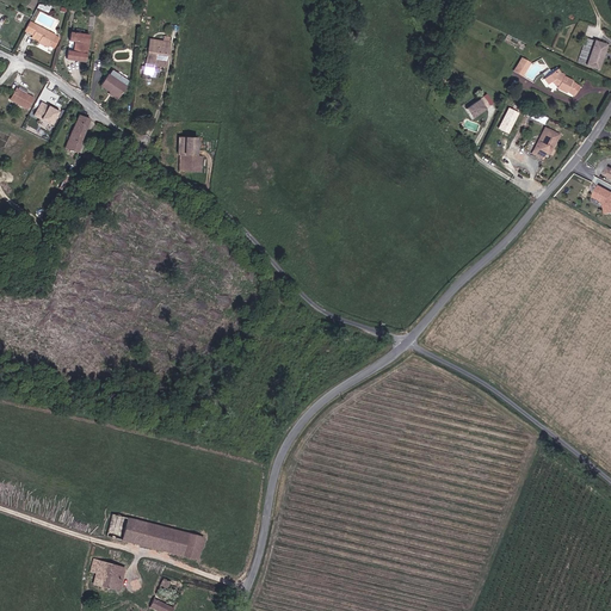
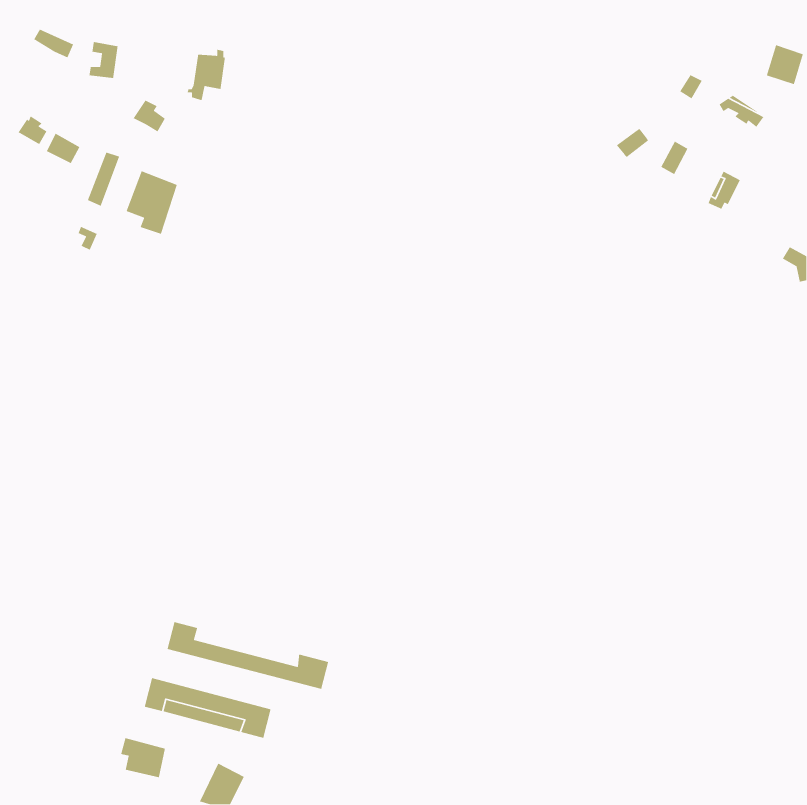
building: none -> [126,170,178,235]
building: [179,135,198,171] -> none
building: none -> [166,621,329,690]

